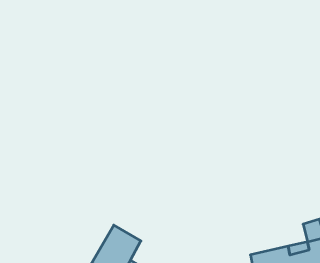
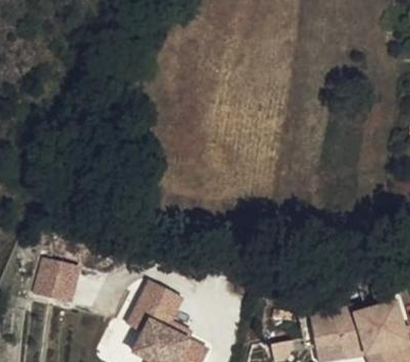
building: none -> [36,255,82,304]

